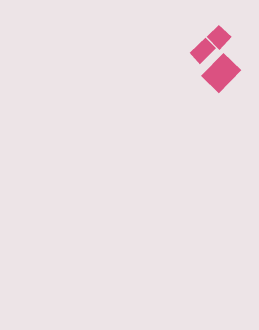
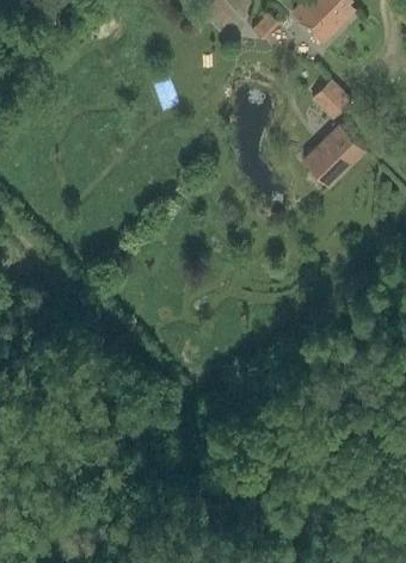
building: [189,37,217,65] -> none

